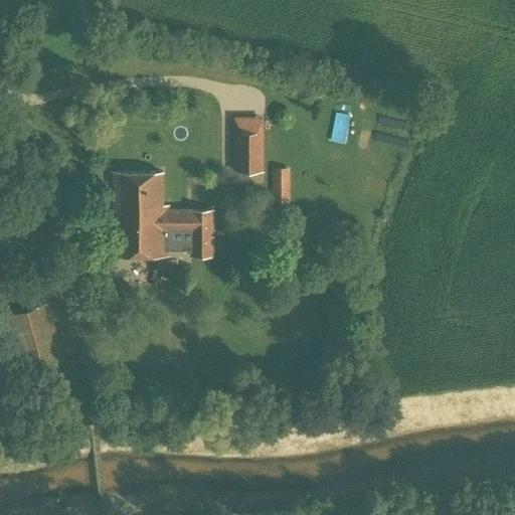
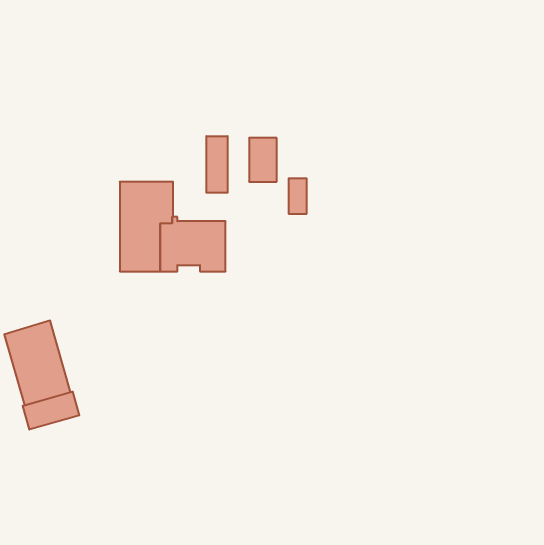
building: none -> [206,136,228,193]
building: none -> [23,392,79,430]

